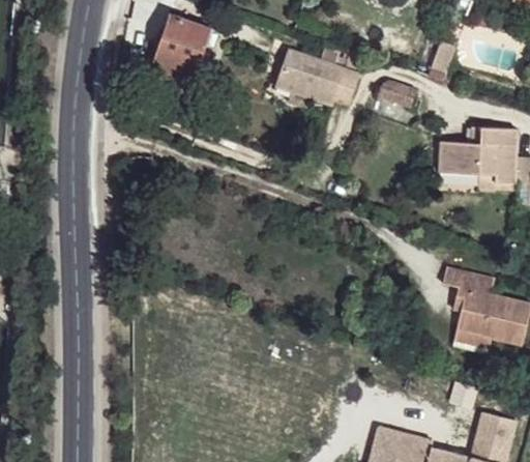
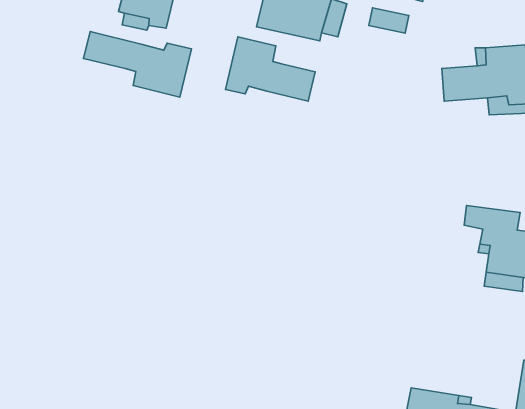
building: none -> [84,32,191,97]
building: none -> [226,37,315,101]

